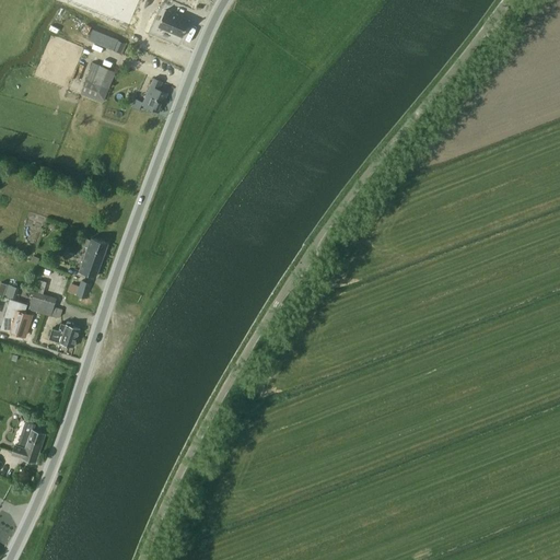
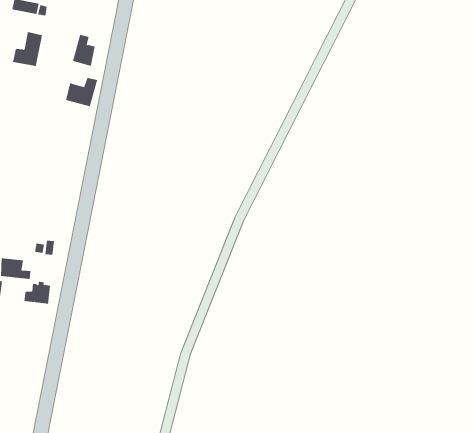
building: none -> [65,77,98,107]
building: [78,237,106,277] -> none
building: [10,430,40,459] -> none

